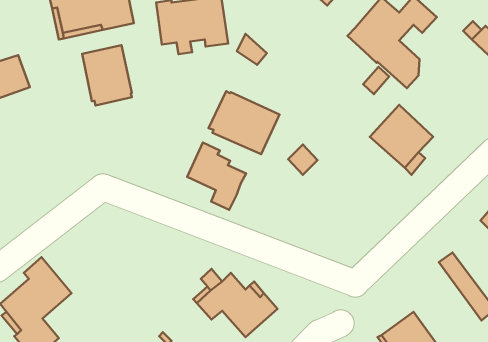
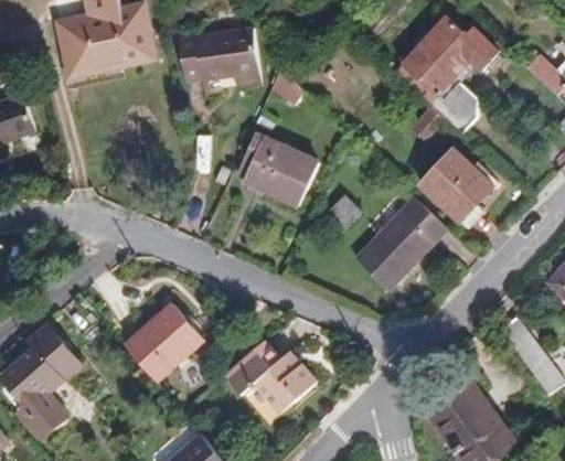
building: [82,45,132,106] -> none
building: [187,143,246,210] -> none
building: none -> [354,196,447,290]
building: none -> [124,304,202,380]

